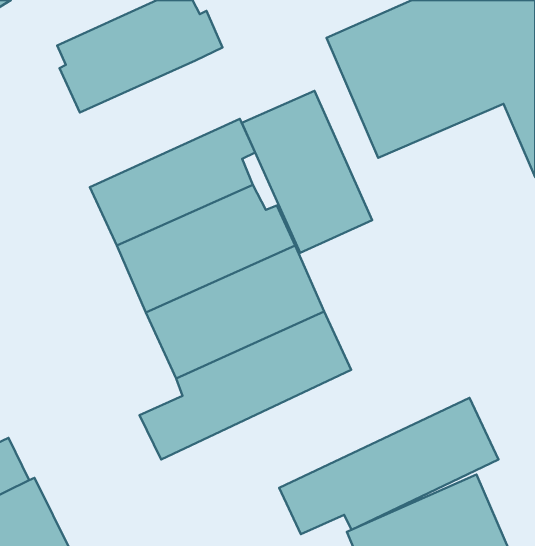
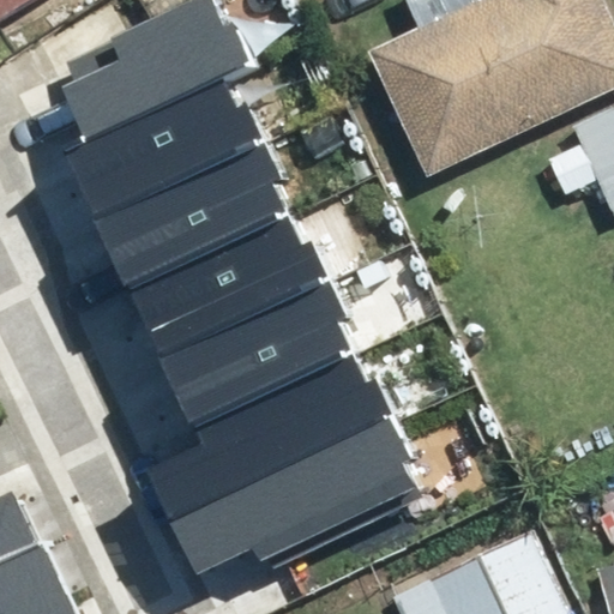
building: none -> [67,74,266,215]
building: [242,91,372,253] -> none
building: [279,398,499,534] -> [179,417,422,568]

